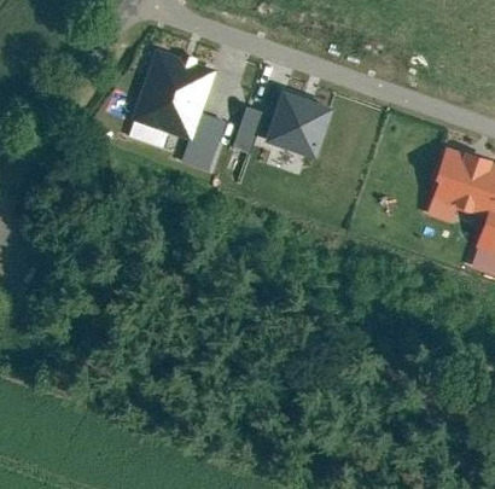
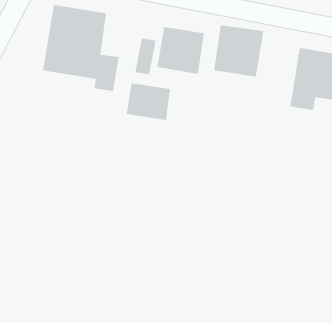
building: none -> [214,25,264,77]
building: none -> [126,83,171,121]

